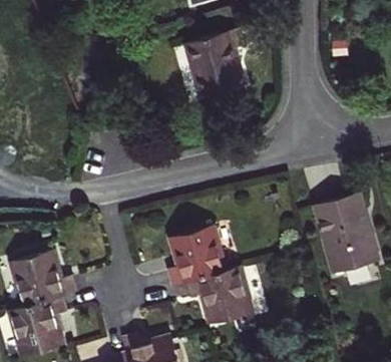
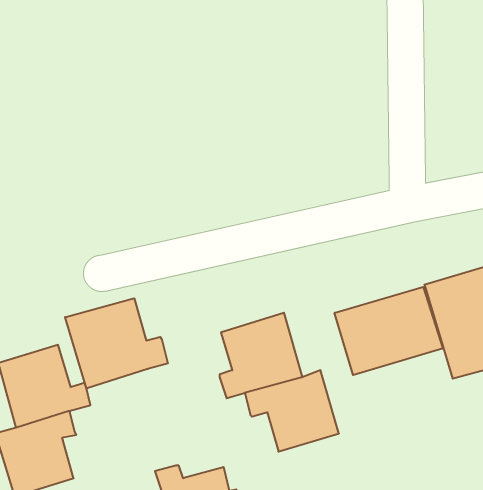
building: [185,29,246,97] -> none
building: none -> [335,287,443,375]
building: none -> [65,298,168,388]

